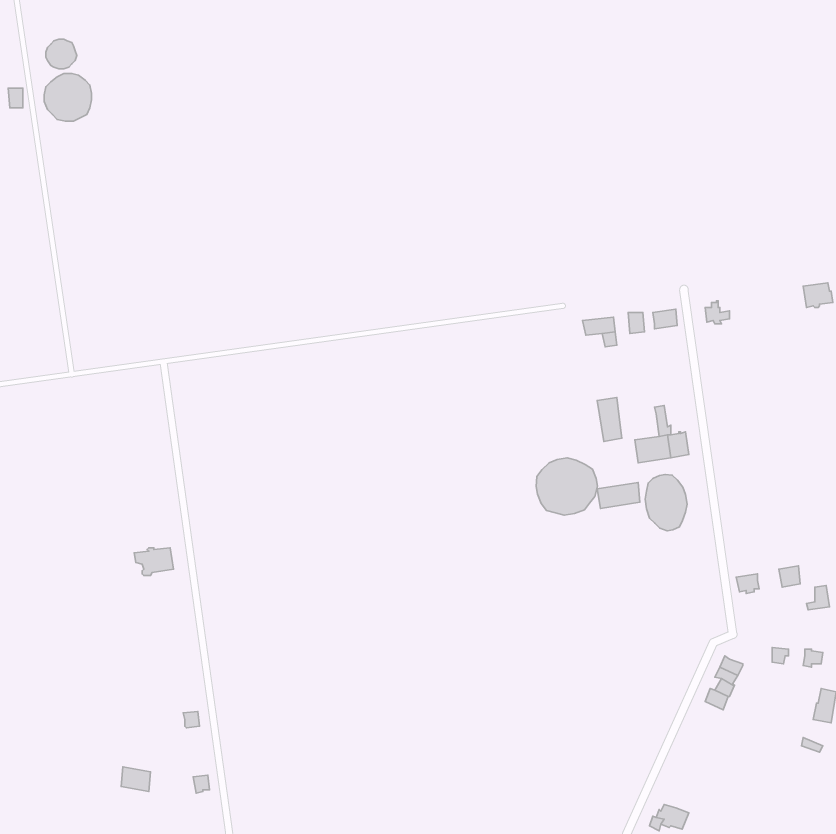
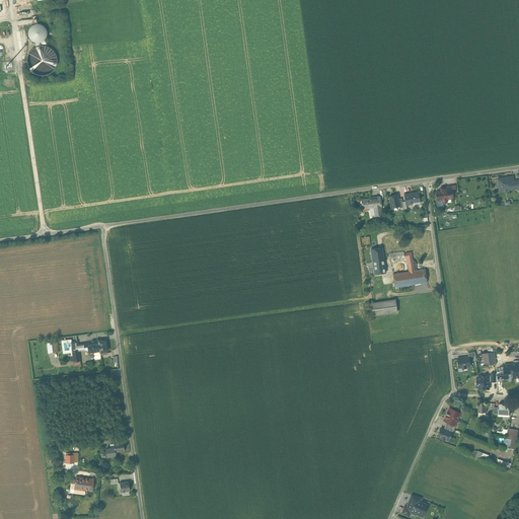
building: [536,458,597,515] -> none
building: [645,474,687,531] -> none

